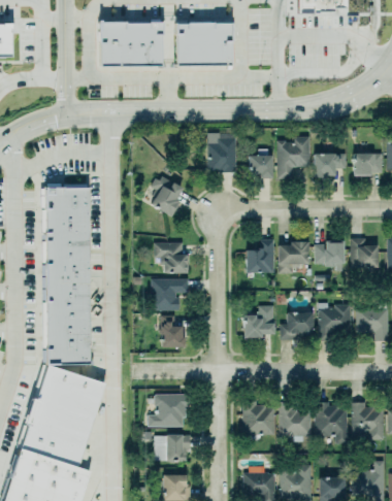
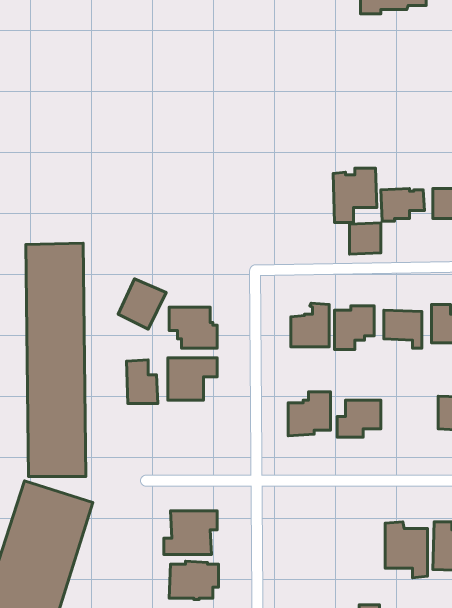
building: [100,26,162,70] -> none
building: [176,28,233,70] -> none
building: [208,137,236,171] -> none
building: [250,155,273,178] -> [349,223,381,254]
building: [150,177,186,215] -> [118,279,166,329]
building: [320,304,352,340] -> none
building: [161,314,185,347] -> [126,360,158,404]
building: [242,399,275,439] -> none
building: [280,403,313,441] -> none

